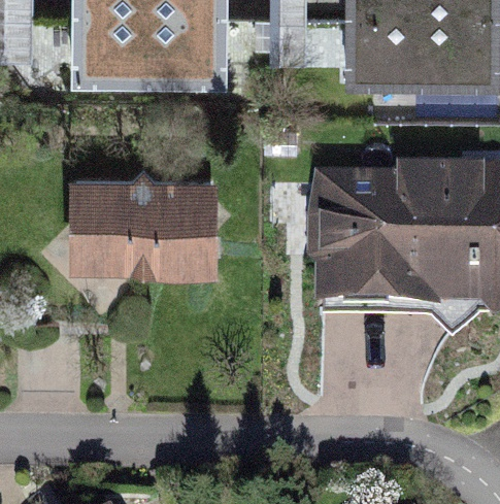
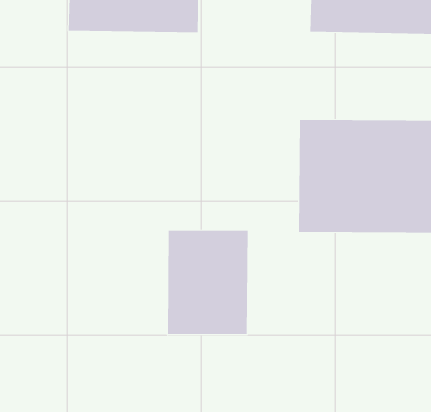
building: [81,183,230,266] -> none
building: none -> [168,230,248,335]

